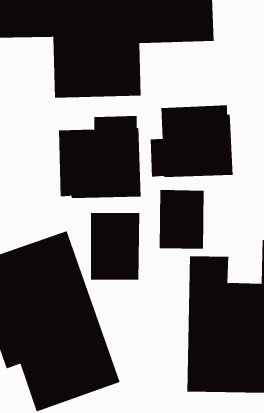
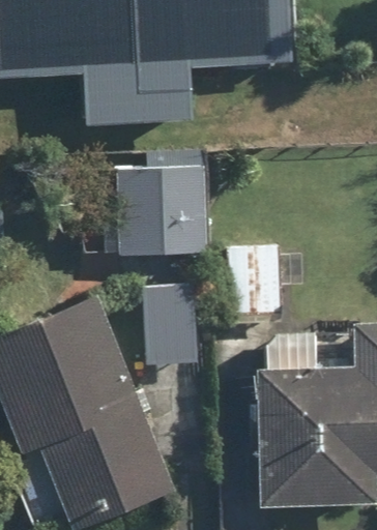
building: [150,104,233,178] -> none

